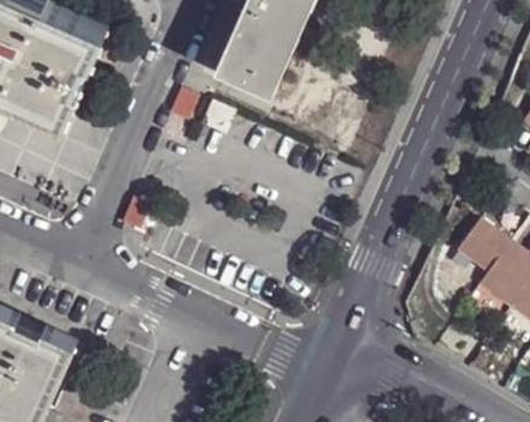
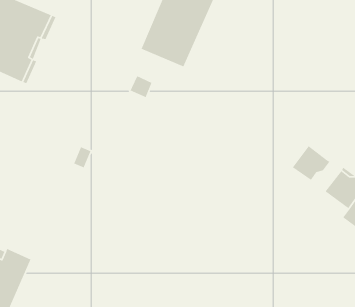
building: none -> [292,145,330,181]

